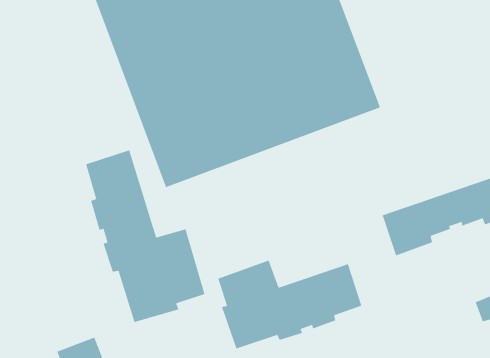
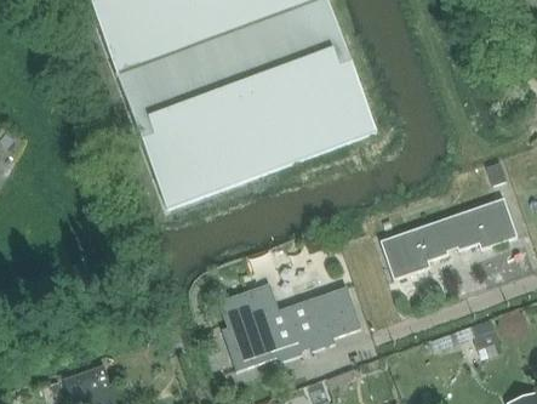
building: [86,150,205,323] -> none

